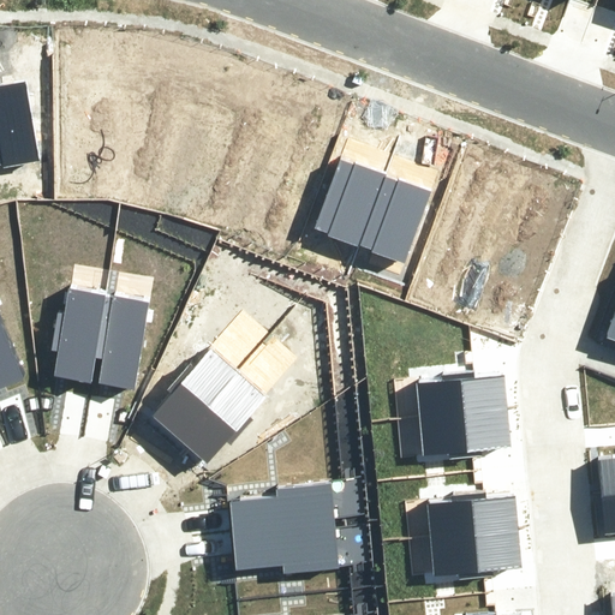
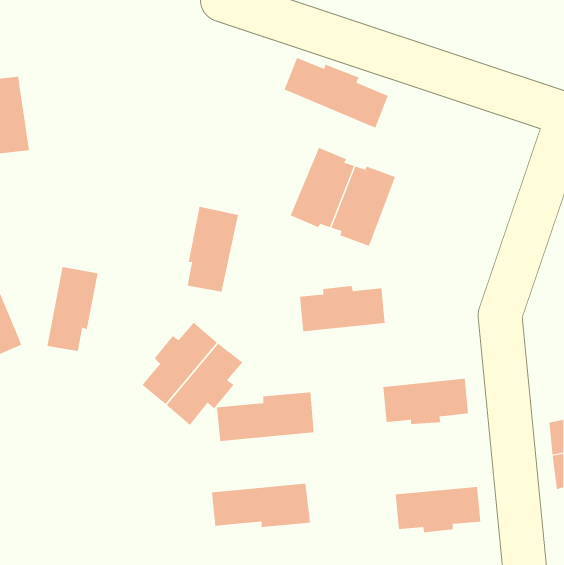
building: none -> [284,57,389,128]
building: [94,297,150,390] -> [187,206,239,292]
building: [412,370,506,420] -> [299,285,385,332]
building: [226,480,333,535] -> [216,392,315,441]
building: [425,486,519,537] -> none

